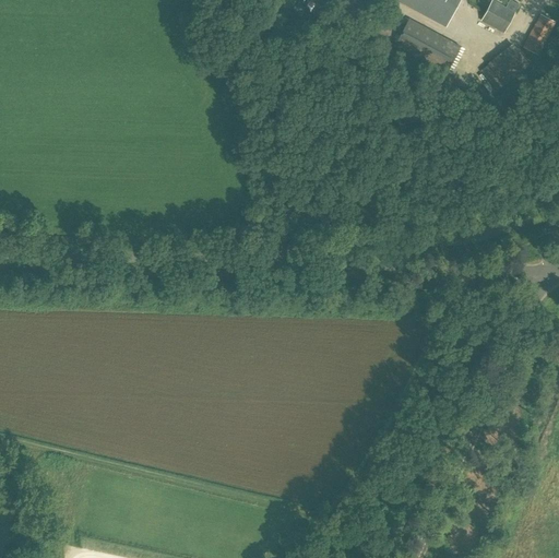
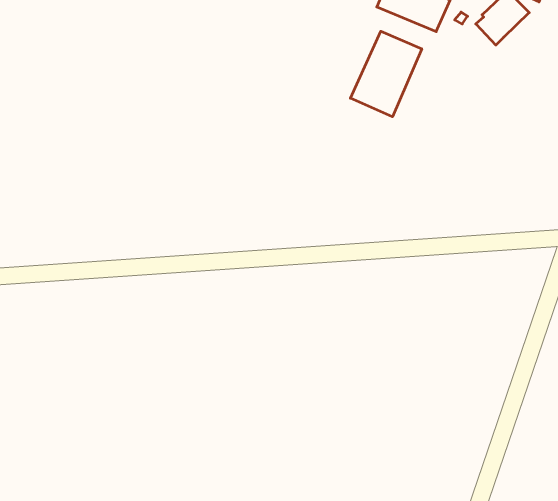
building: none -> [350,31,422,117]

